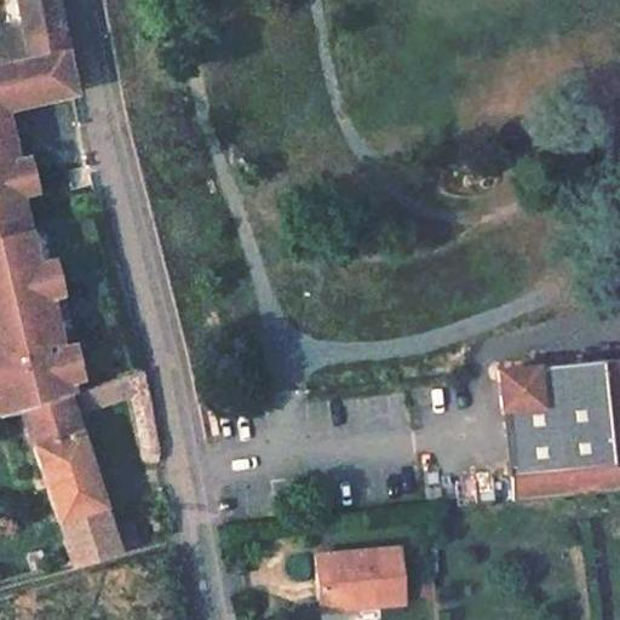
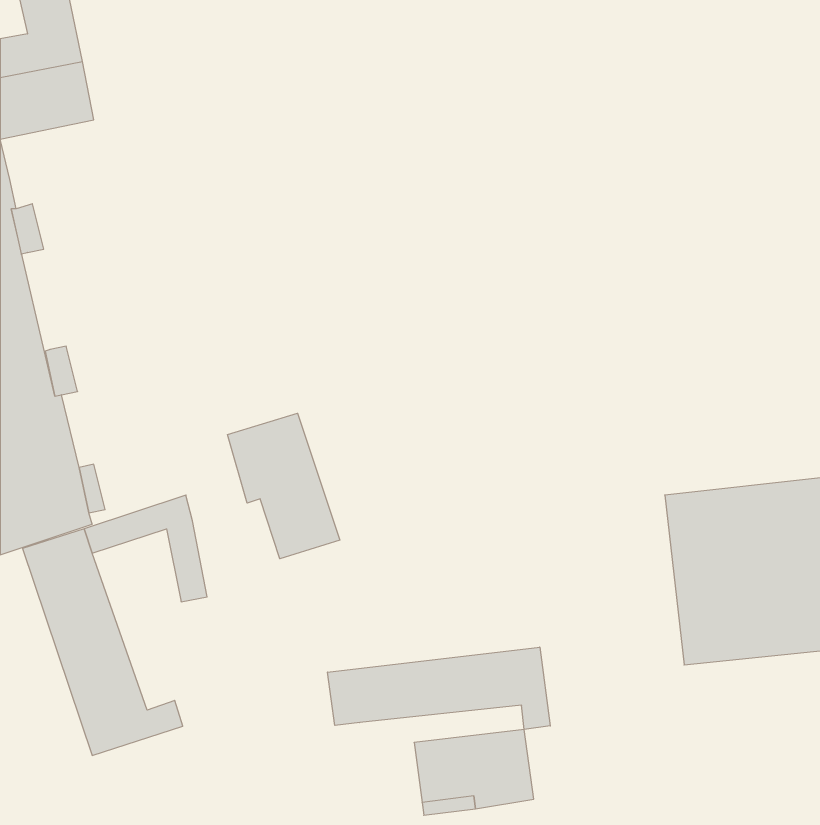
building: none -> [228,413,340,559]
building: none -> [328,647,550,730]

